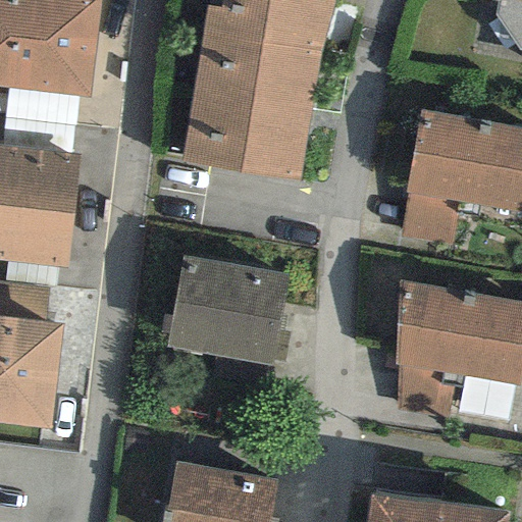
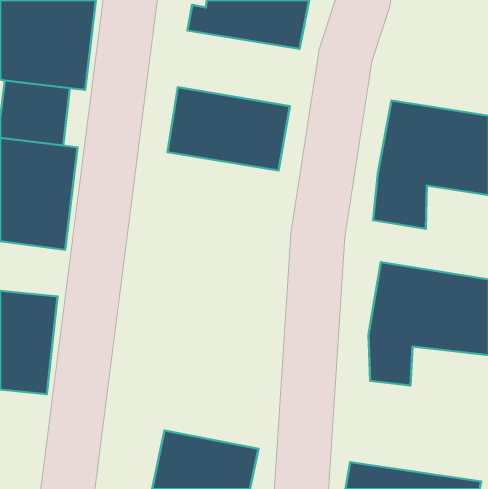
building: [191,33,320,113] -> none
building: [173,259,289,386] -> none

